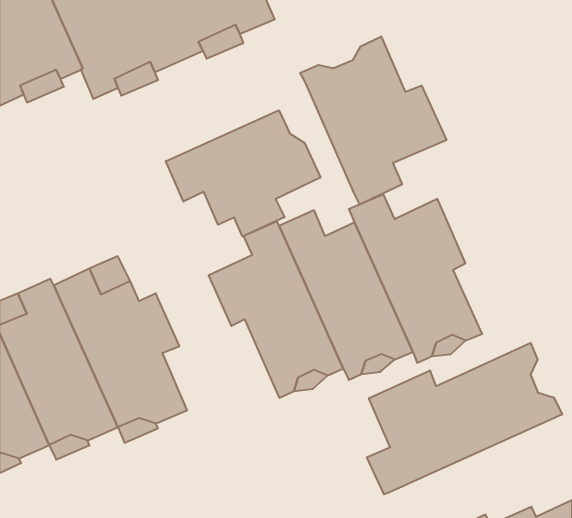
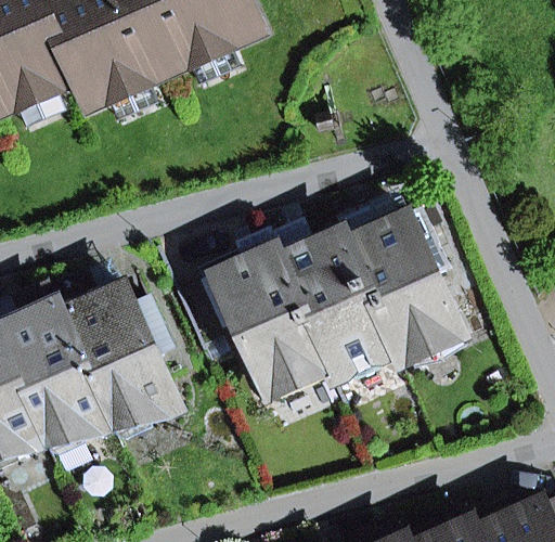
building: [300,36,447,205] -> none
building: [166,110,320,236] -> none
building: [367,343,562,494] -> none

